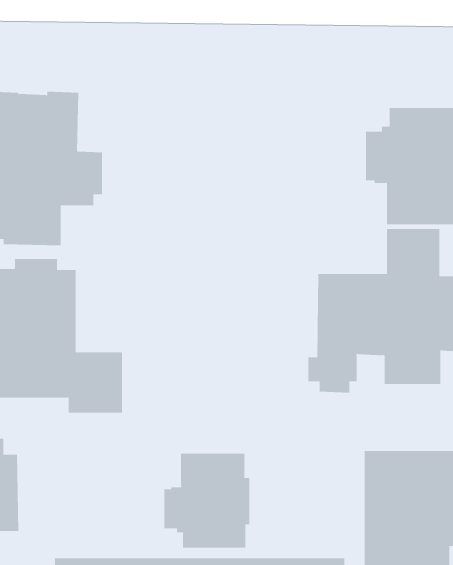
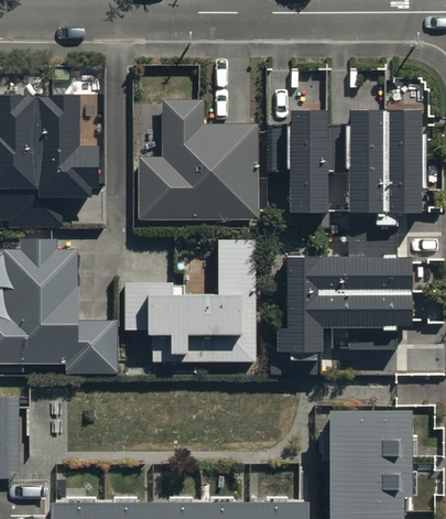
building: none -> [138,101,259,221]
building: none -> [270,111,327,215]
building: none -> [126,239,258,363]
building: [164,453,250,549] -> none

